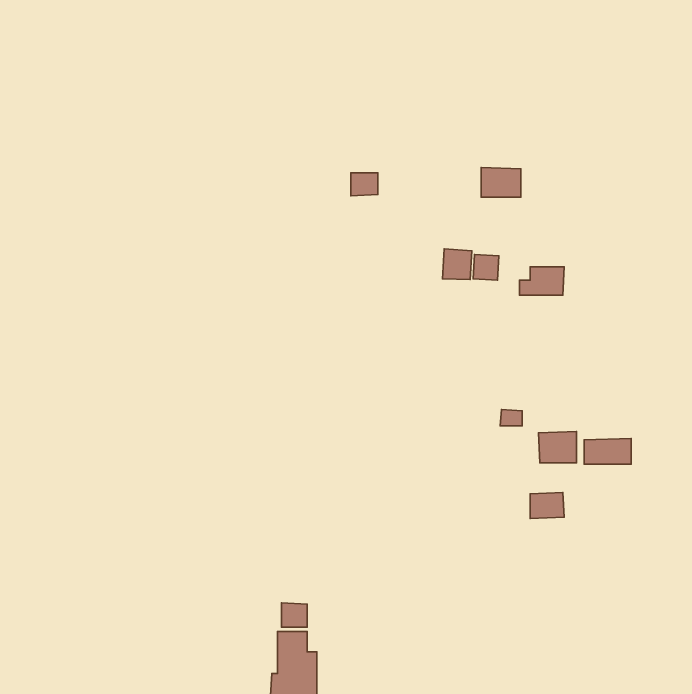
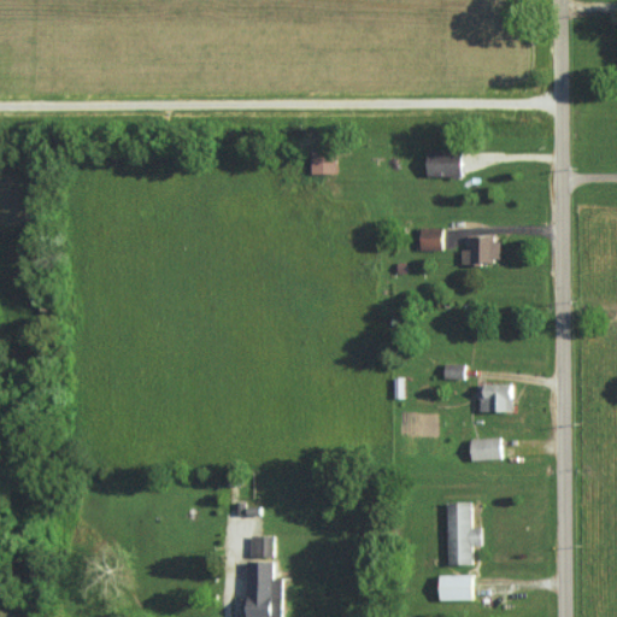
building: [442,249,472,279] -> none
building: [584,439,631,464] -> none
building: none -> [446,503,481,564]
building: none -> [439,575,471,600]

